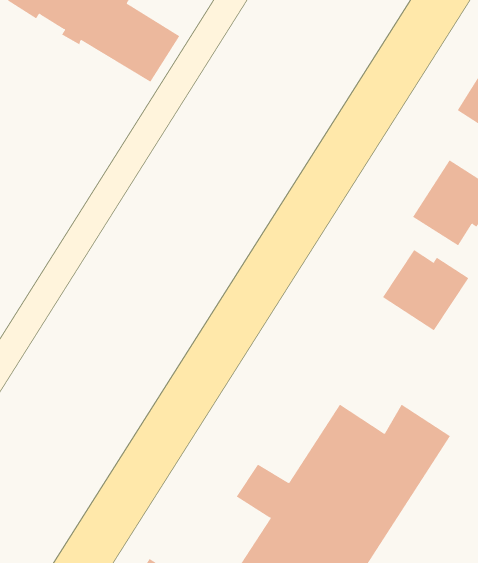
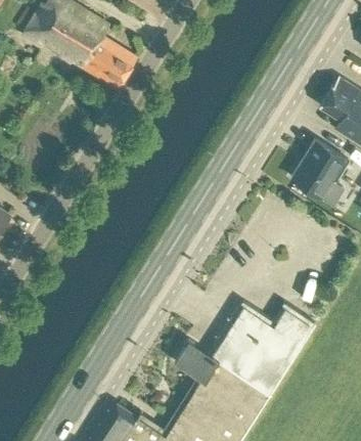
building: [382,249,469,331] -> none

